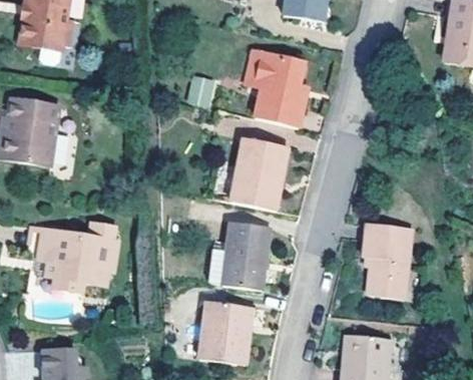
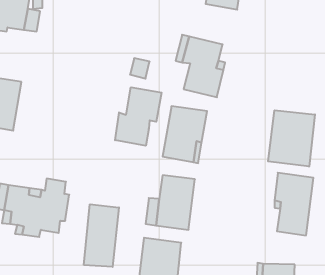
building: none -> [115,87,162,146]
building: none -> [268,110,315,167]
building: none -> [84,204,119,267]

